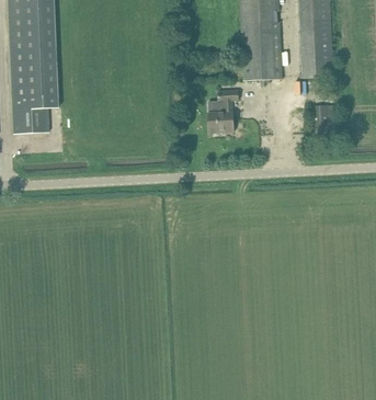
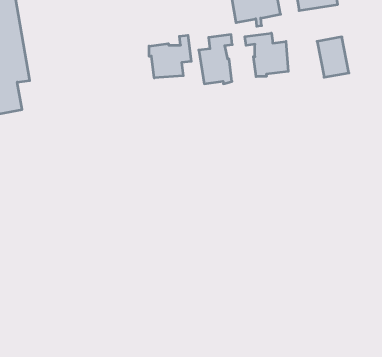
building: none -> [149,35,191,78]
building: none -> [245,33,288,77]

